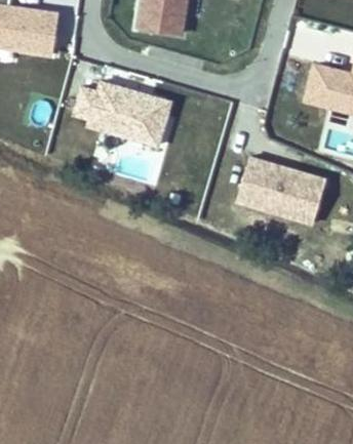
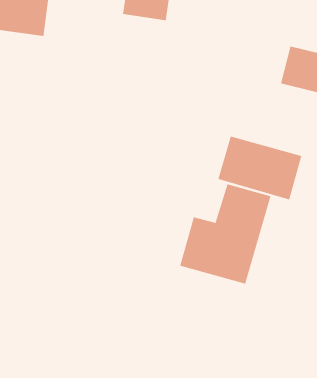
building: [75,80,172,146] -> none
building: none -> [180,183,271,285]

